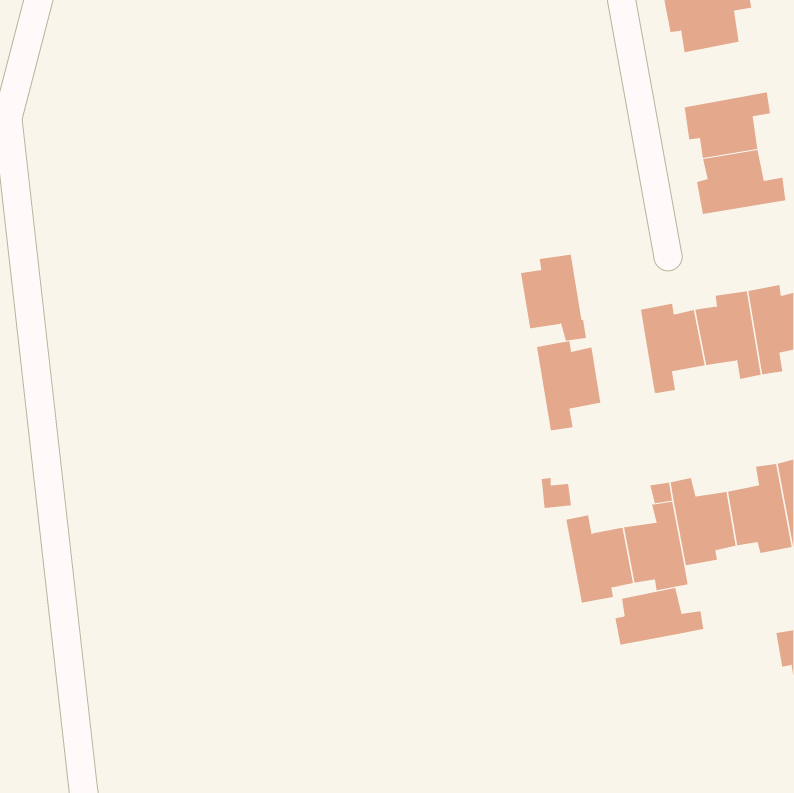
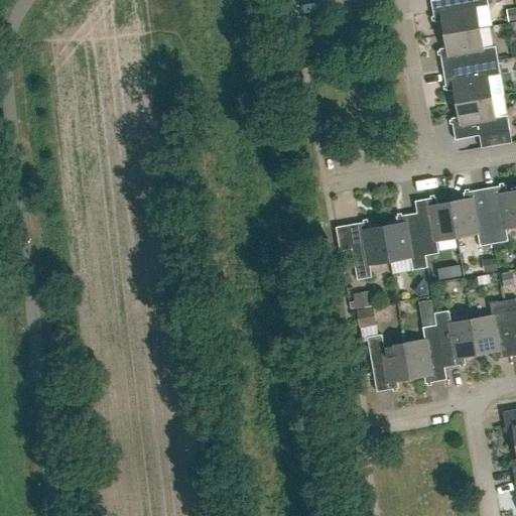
building: none -> [439,27,498,70]
building: [520,254,587,341] -> [384,213,427,269]
building: [615,587,704,646] -> none

